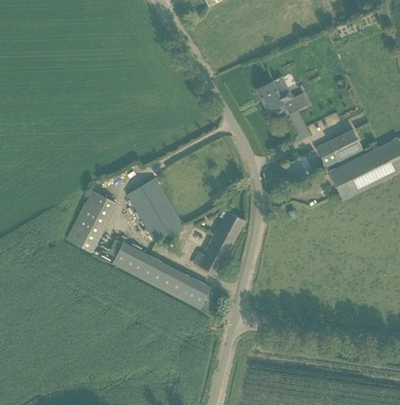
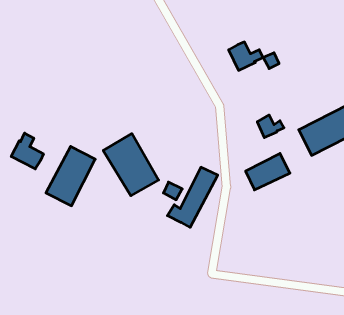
building: [316,128,362,167] -> [246,153,290,190]
building: none -> [11,133,43,169]
building: [112,242,210,307] -> none

